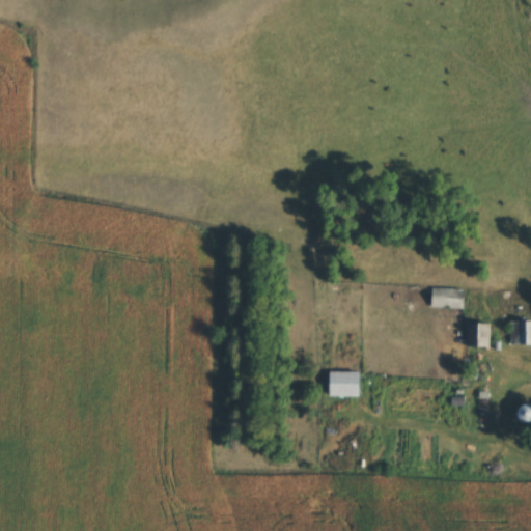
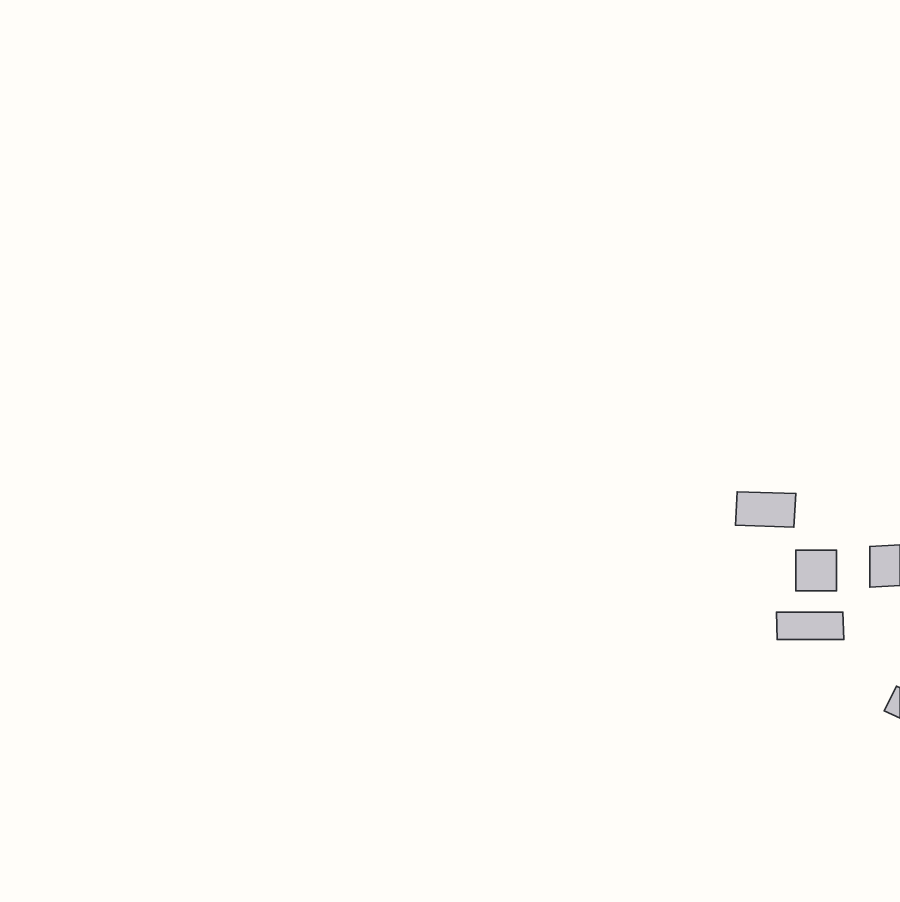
building: none -> [776,612,844,639]
building: [330,371,362,395] -> none

